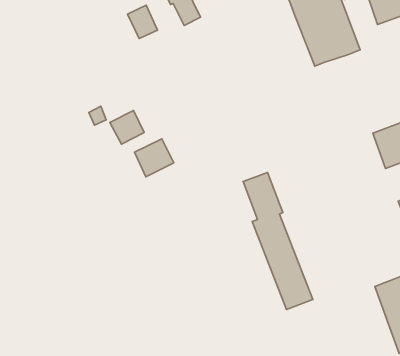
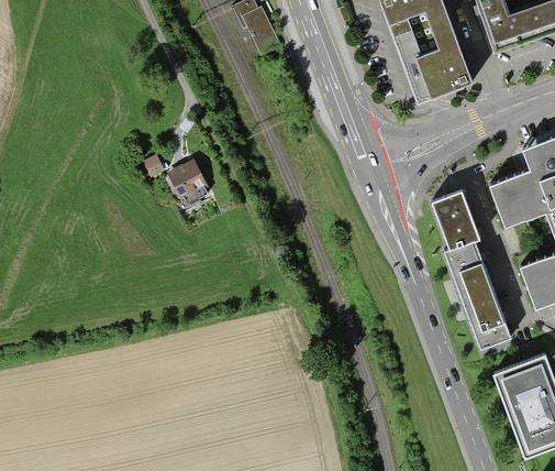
building: [127,5,158,38] -> none
building: [134,139,174,177] -> none
building: [243,172,313,309] -> [431,189,515,355]

